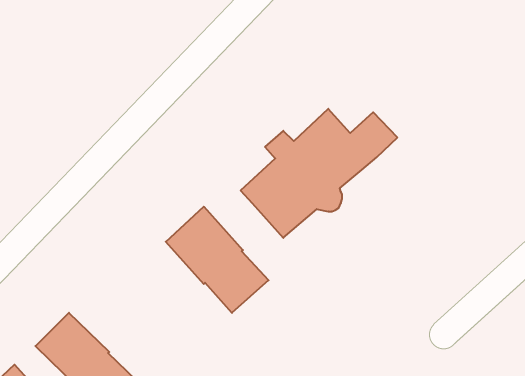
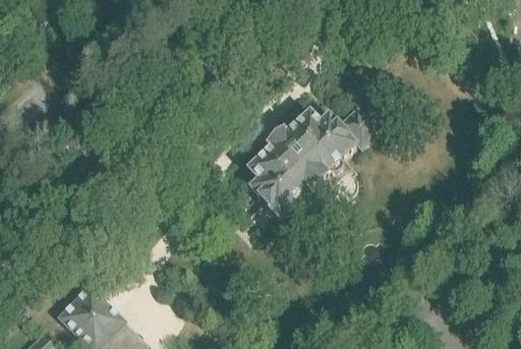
building: [166,207,269,313] -> none

